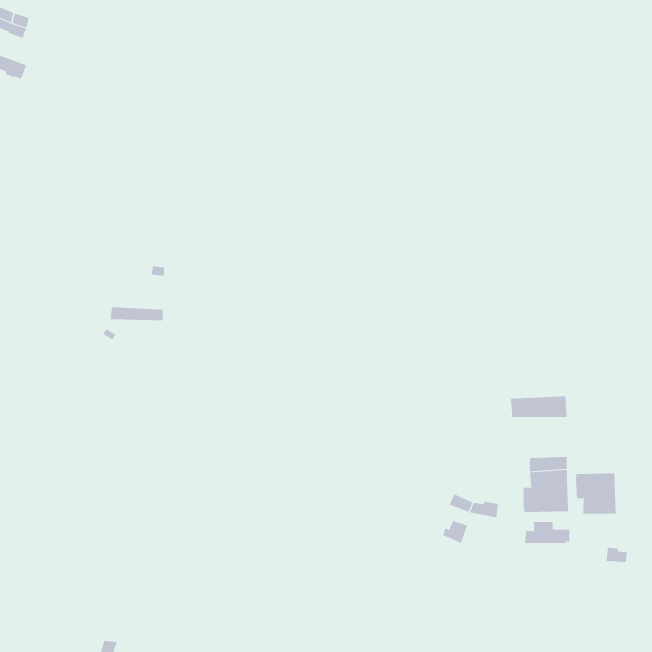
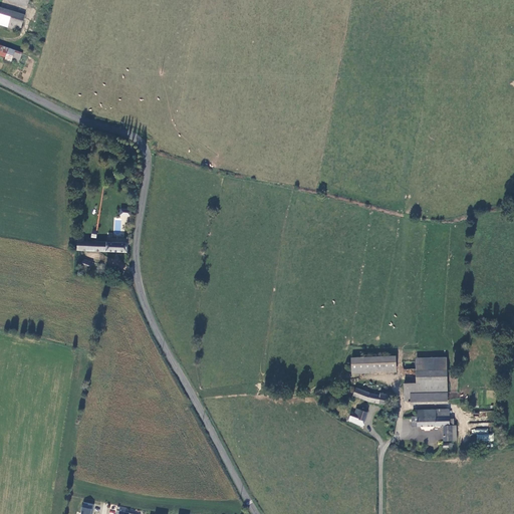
building: [510,396,568,418] -> [351,353,397,370]
building: [575,472,616,515] -> none

